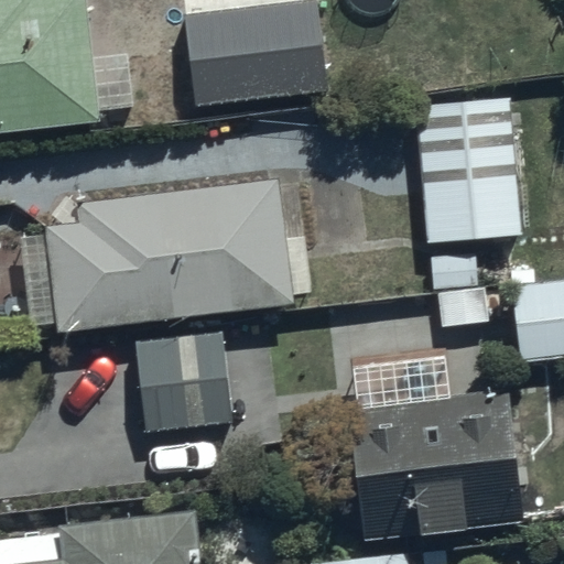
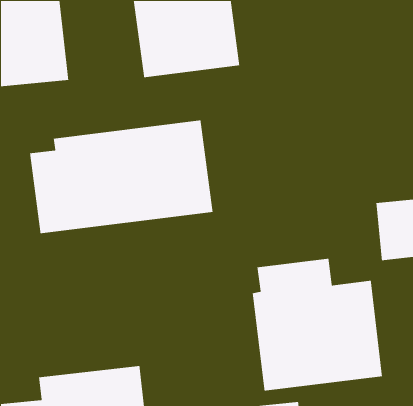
building: [414,97,520,243] -> none
building: [135,329,231,433] -> none

